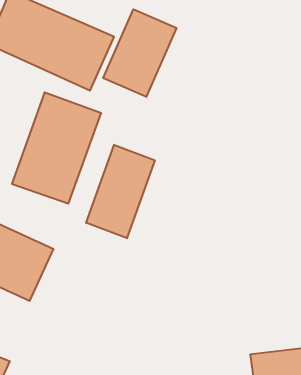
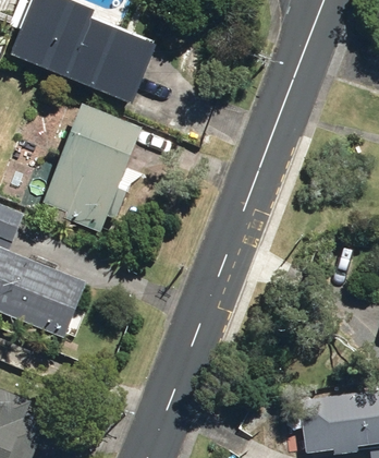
building: [103,9,176,97] -> none
building: [86,145,155,238] -> none

